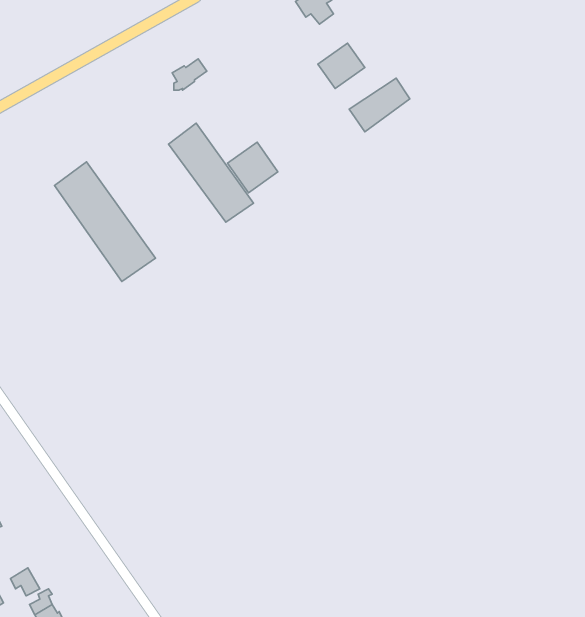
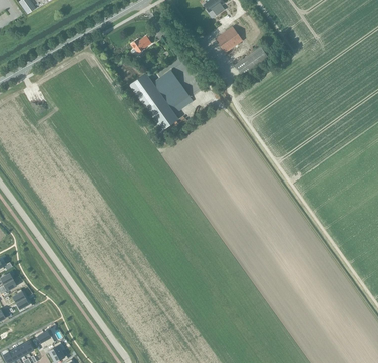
building: none -> [152,69,179,95]
building: [55,162,156,281] -> none

